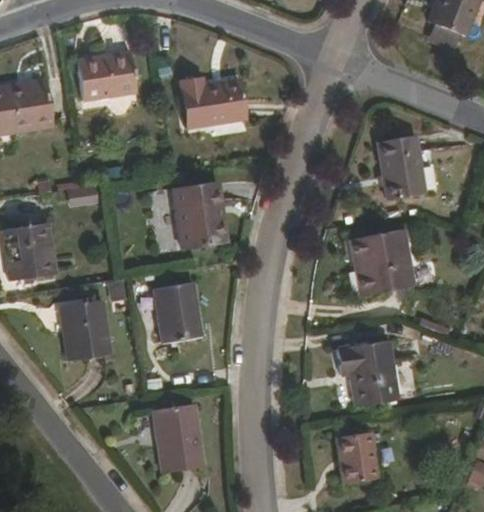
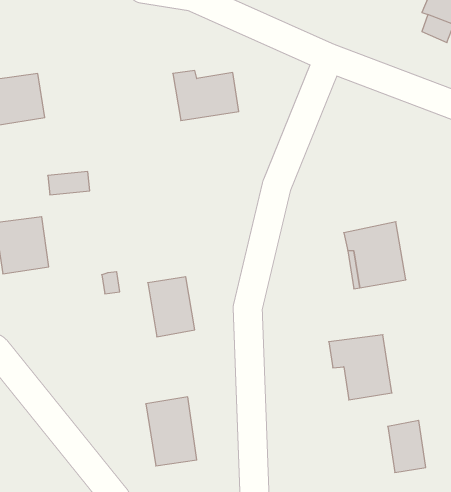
building: [75,50,135,100] -> none
building: [377,134,425,199] -> none
building: [173,181,226,248] -> none
building: [60,300,110,361] -> none
building: [338,431,376,483] -> [388,420,426,472]

